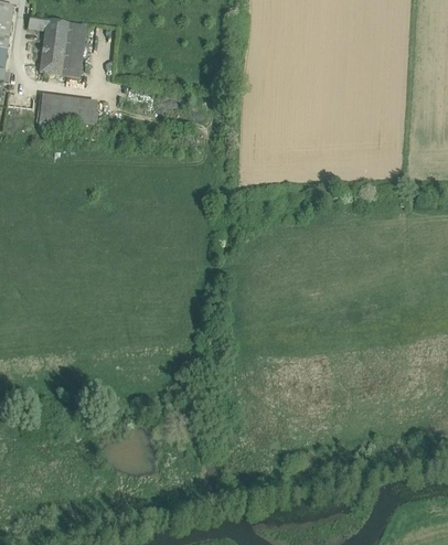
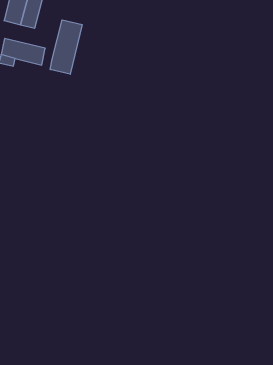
building: none -> [50,20,82,74]

